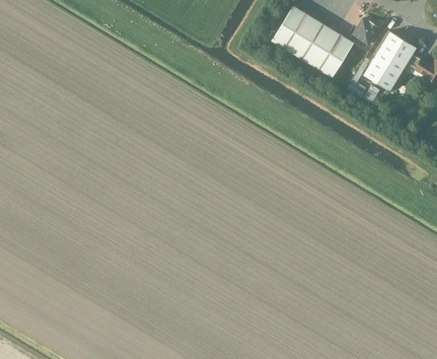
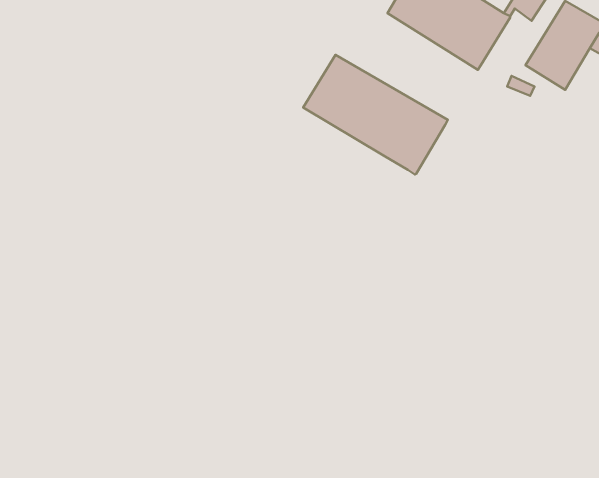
building: none -> [303,55,448,175]

